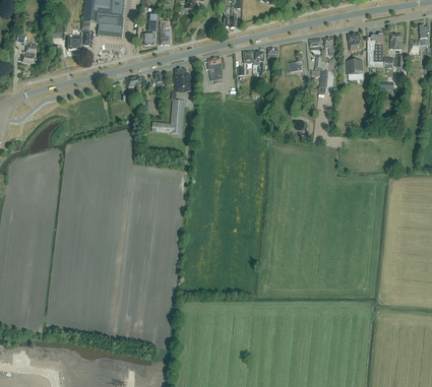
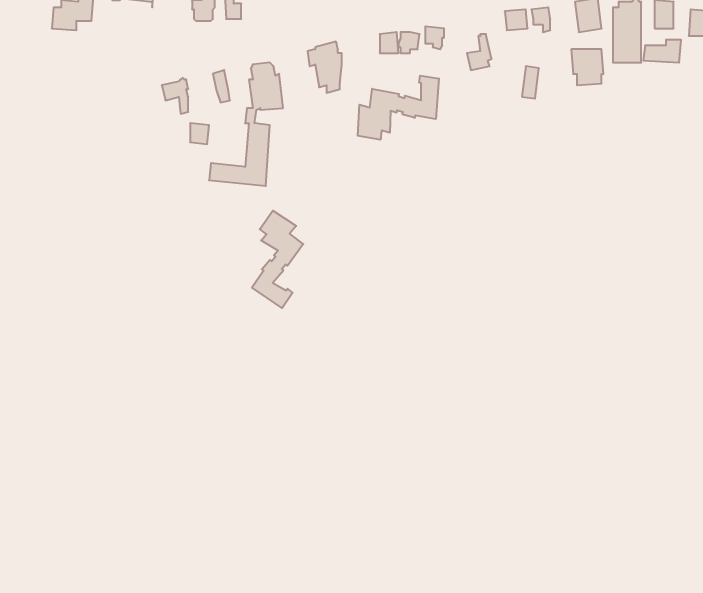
building: none -> [358,76,439,140]
building: none -> [252,211,303,308]

